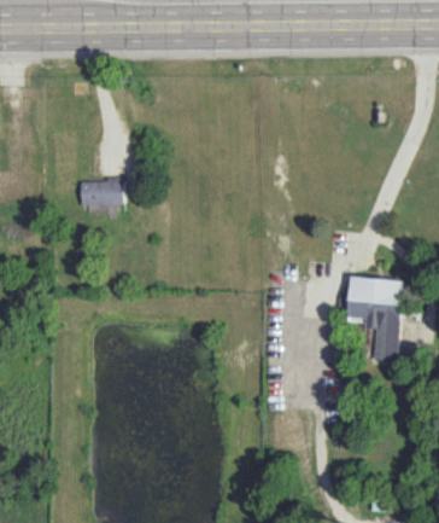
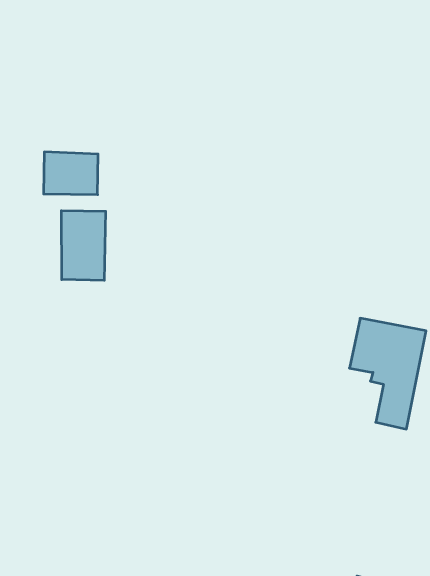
building: none -> [61,211,106,280]

